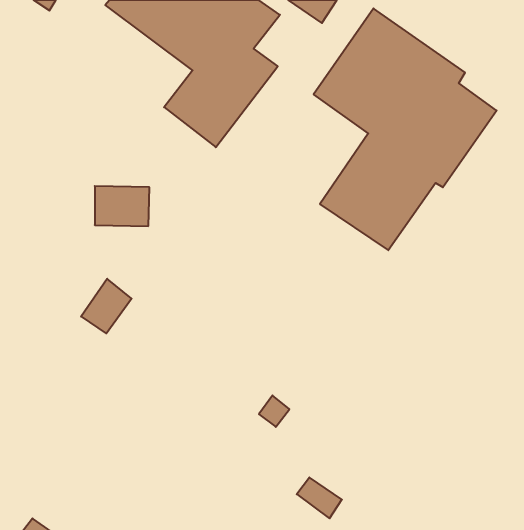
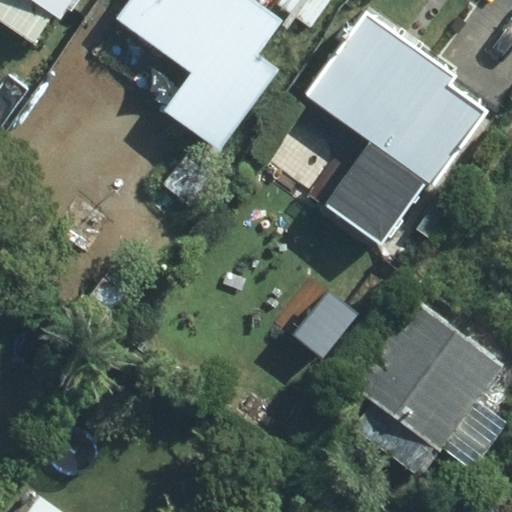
building: none -> [351,299,503,477]

